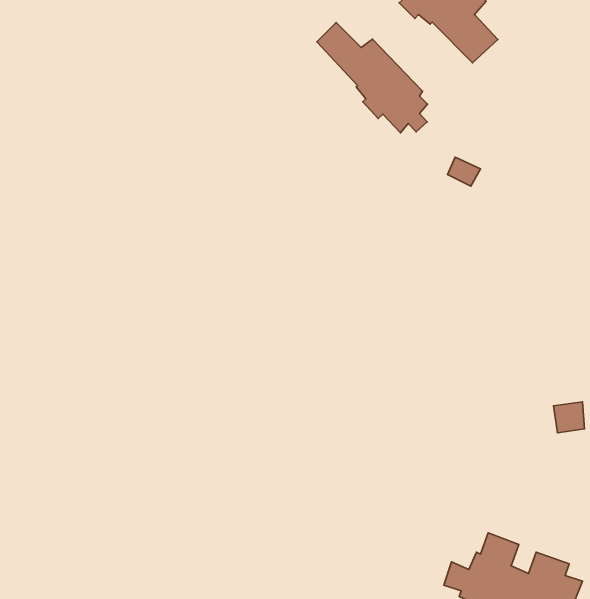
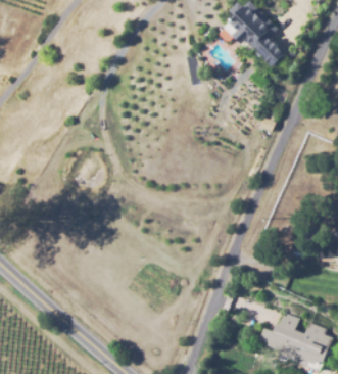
building: [317,22,427,133] -> none

